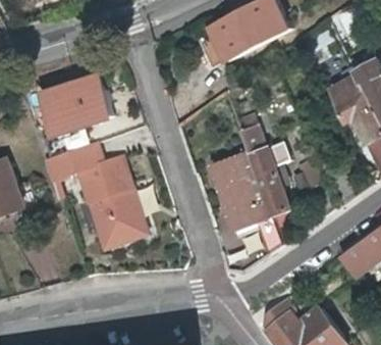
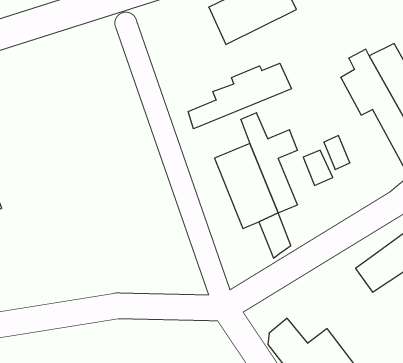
building: none -> [188,63,292,129]
building: [42,73,110,131] -> none
building: [41,139,148,248] -> none

